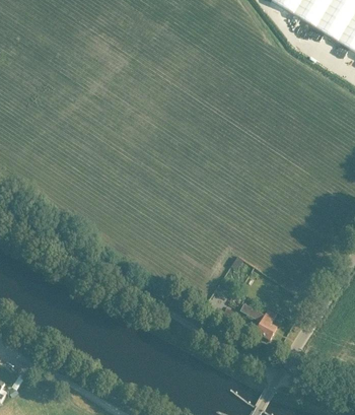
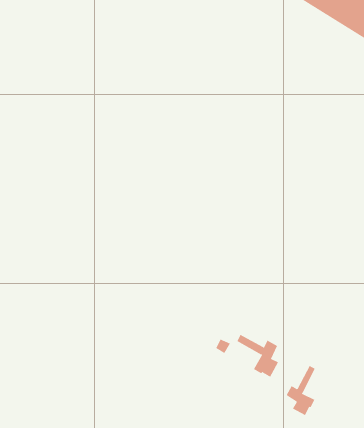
building: none -> [286,365,315,416]

